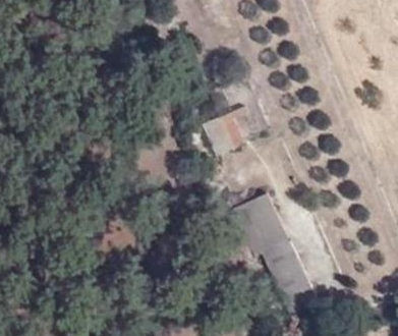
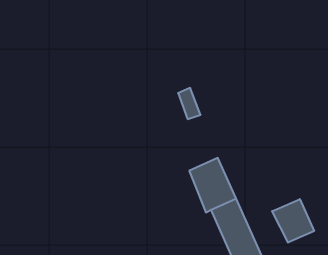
building: none -> [272,199,314,243]

